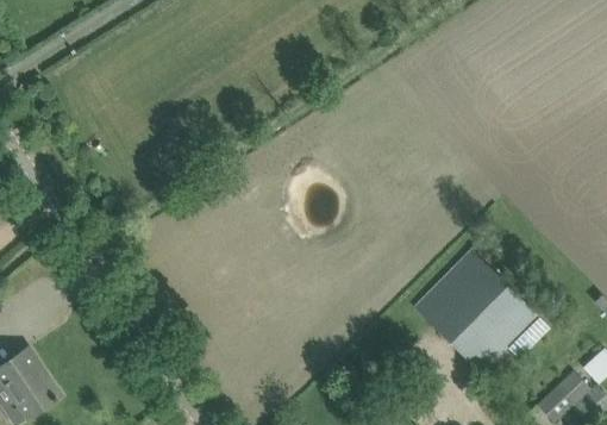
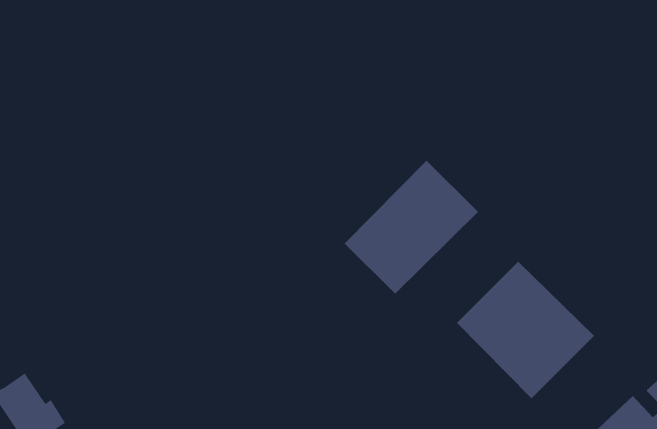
building: none -> [344,160,479,295]

